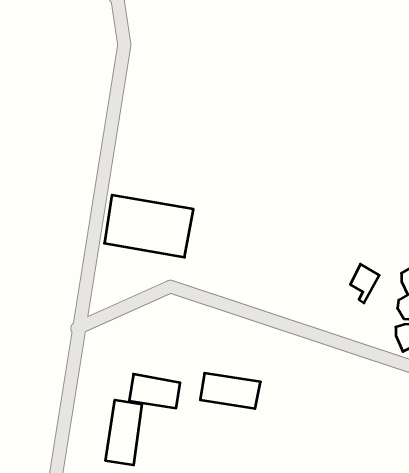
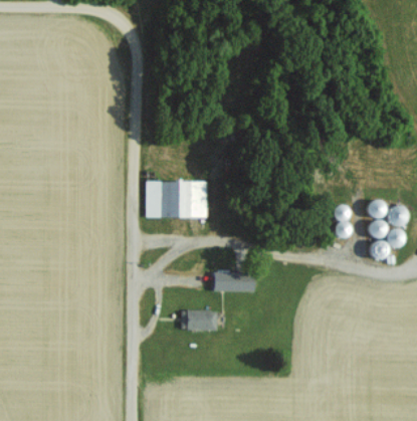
building: [200,373,261,409] -> [213,272,255,292]
building: [106,400,142,465] -> none

